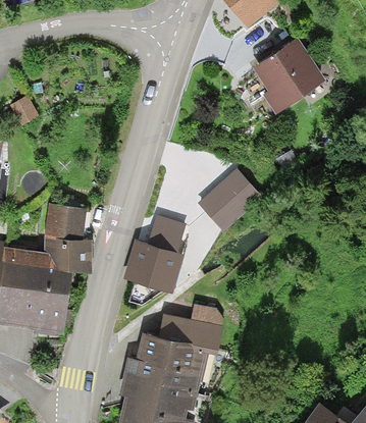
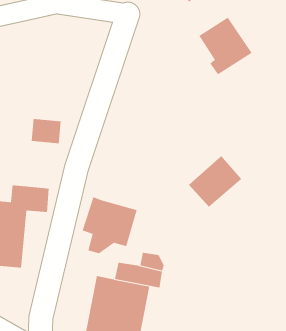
building: [202,174,263,233] -> [188,155,242,207]
building: [45,204,80,232] -> [31,119,61,144]
building: [148,218,189,256] -> none

